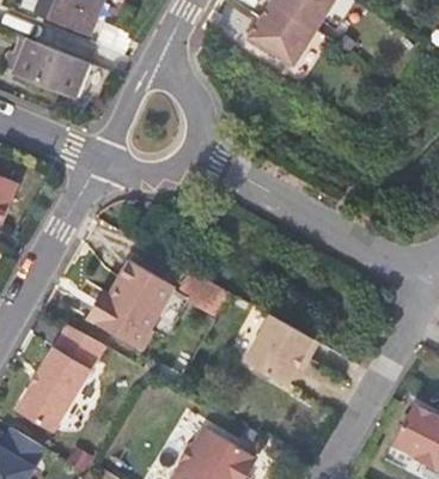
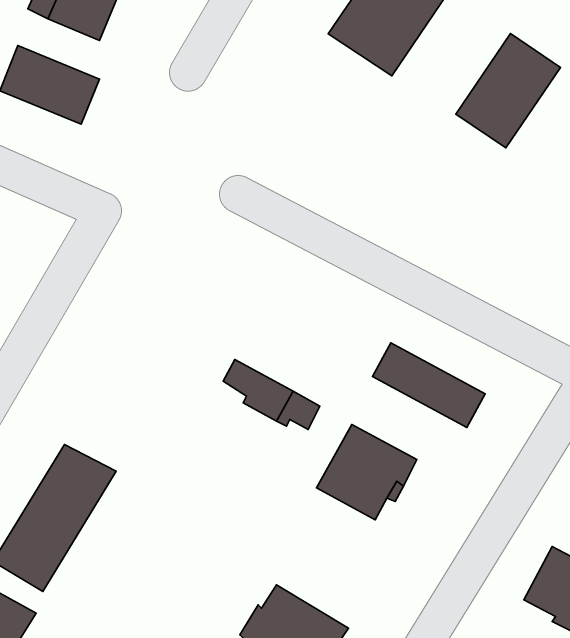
building: none -> [456,34,560,148]
building: none -> [372,343,485,428]
building: [92,259,167,346] -> none

